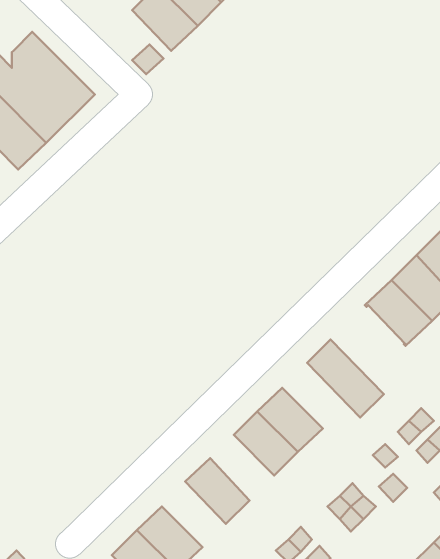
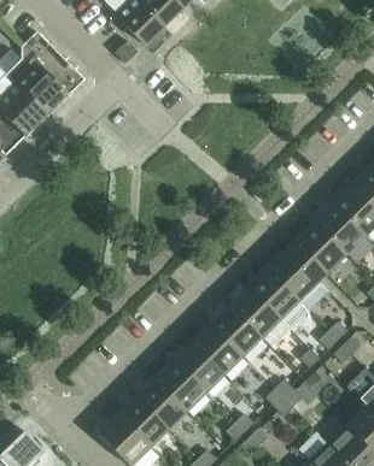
building: none -> [268,249,328,311]
building: none -> [230,287,291,347]
building: none -> [175,342,224,393]
building: none -> [138,378,187,429]

